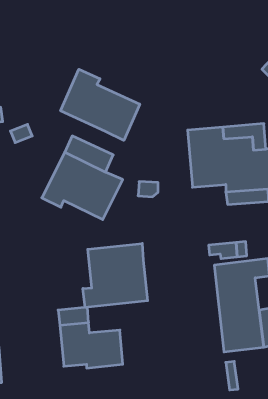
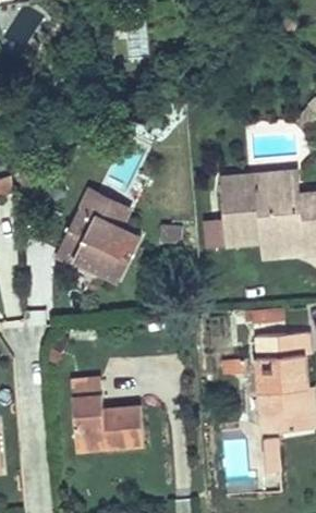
building: [61,69,140,140] -> none
building: [83,243,148,307] -> none

